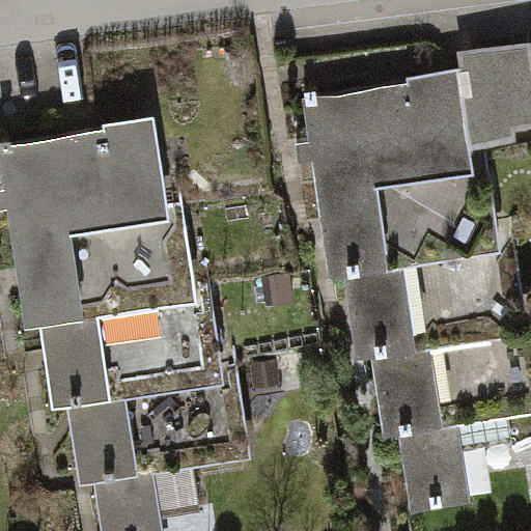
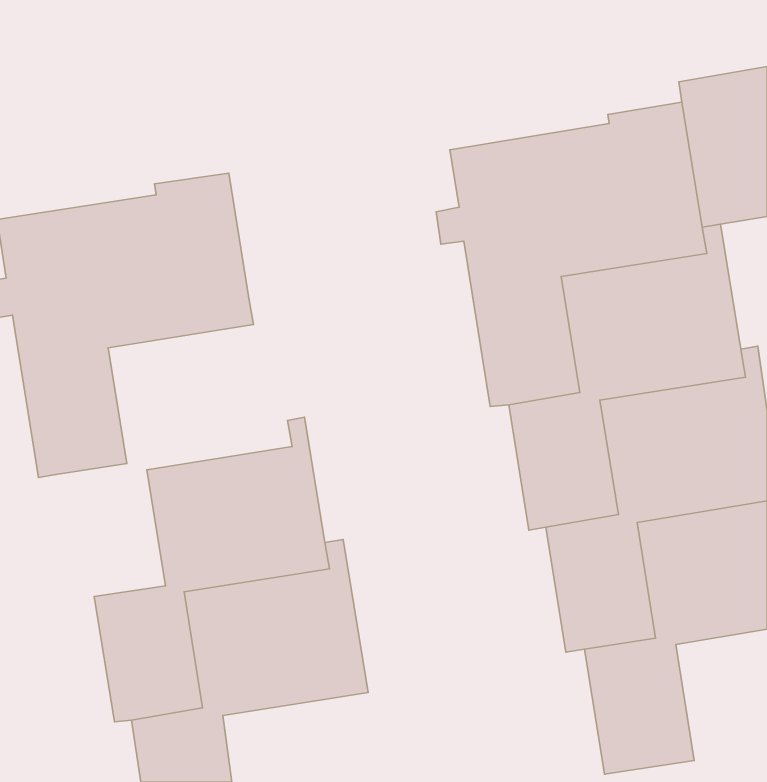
building: [37,198,196,402] -> none

